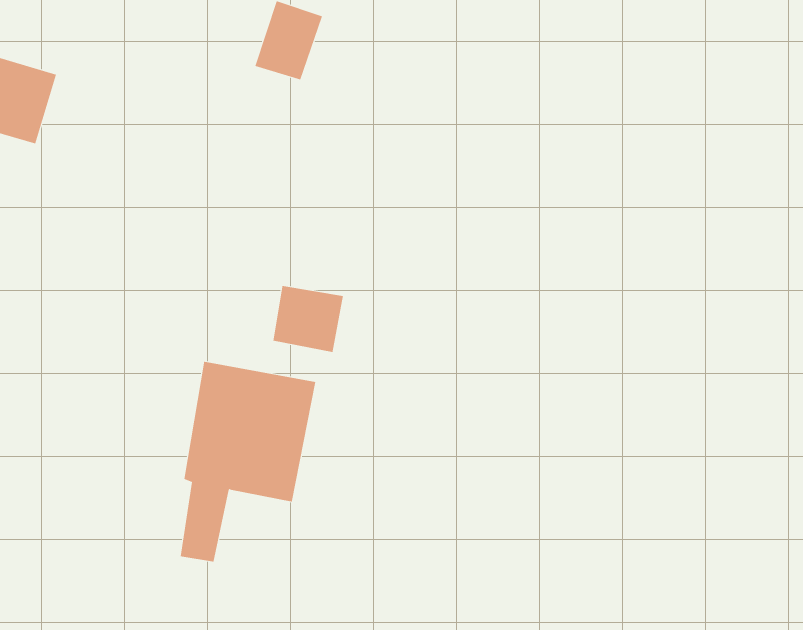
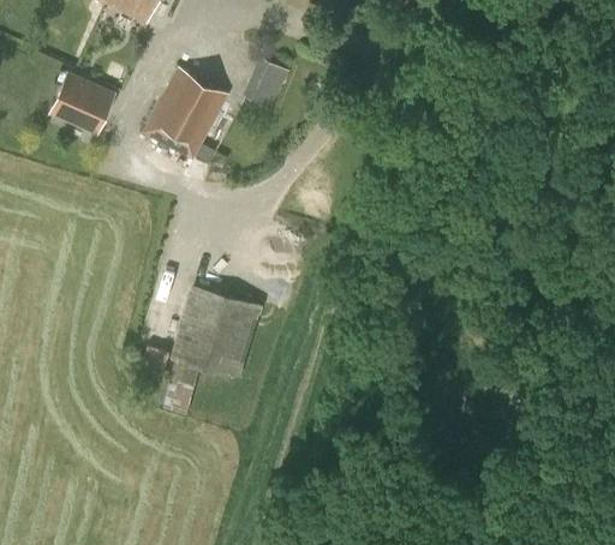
building: none -> [144,67,228,158]
building: [273,285,343,353] -> none

